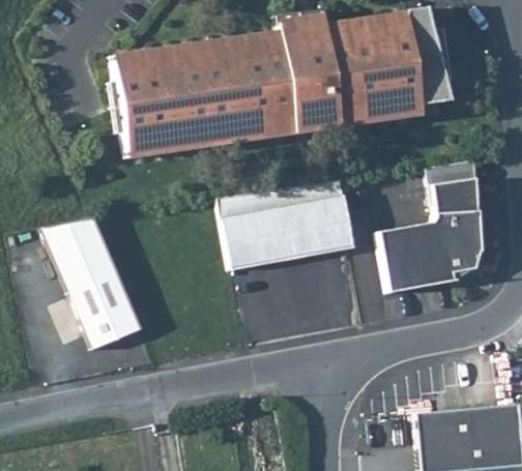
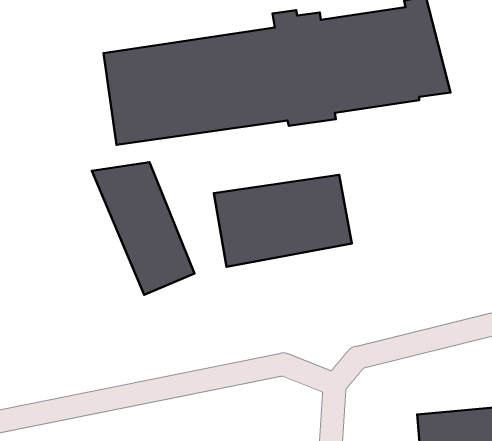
building: [378,160,482,294] -> none
building: [41,222,141,350] -> [92,162,195,295]

